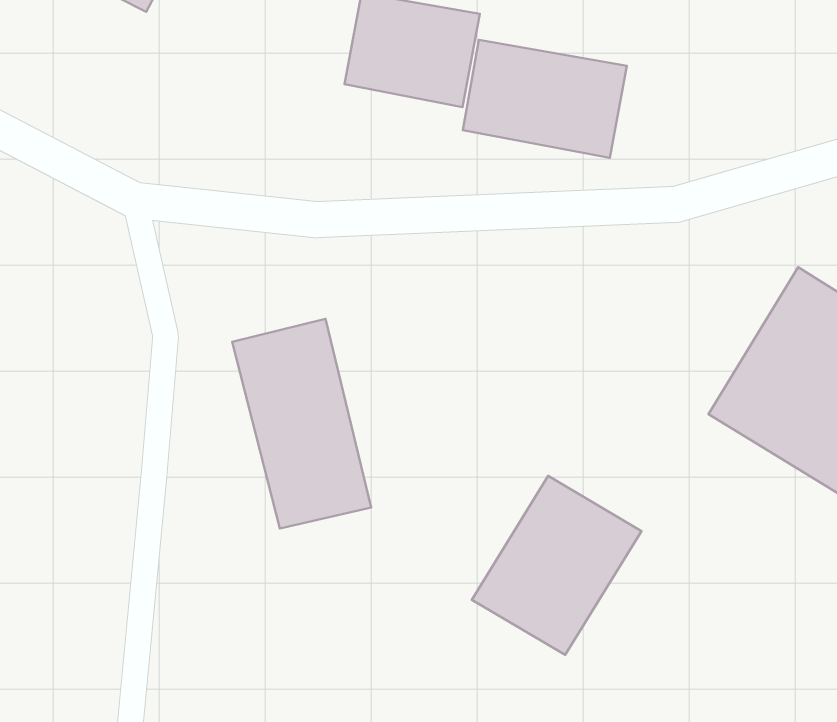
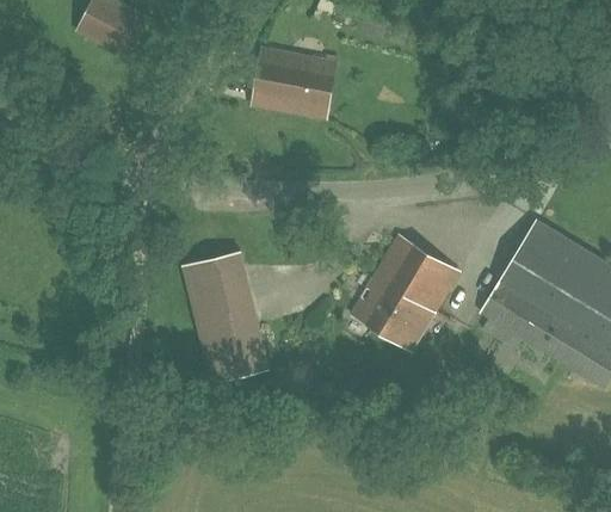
building: [463,40,627,158] -> none
building: [472,476,641,655] -> [352,238,458,350]

